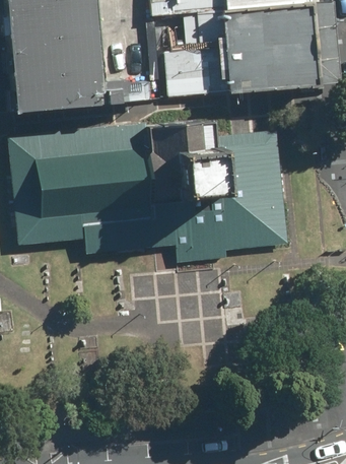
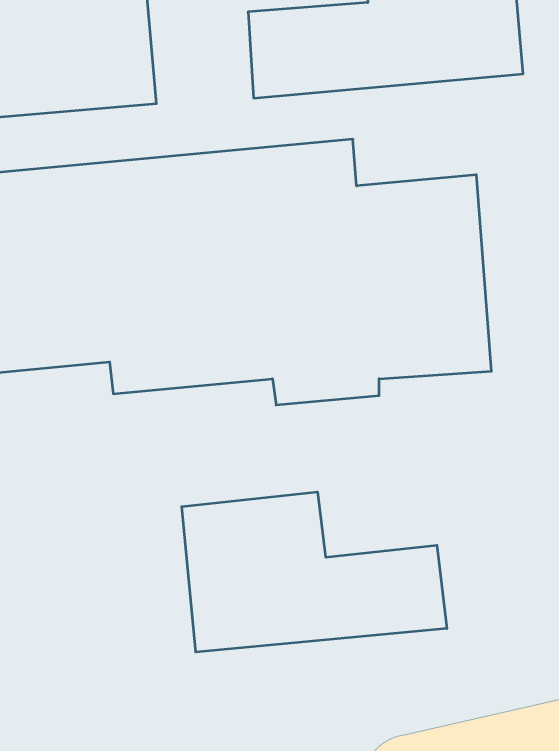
building: none -> [182,492,447,652]

